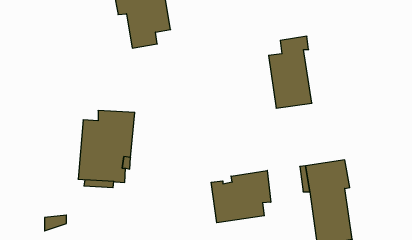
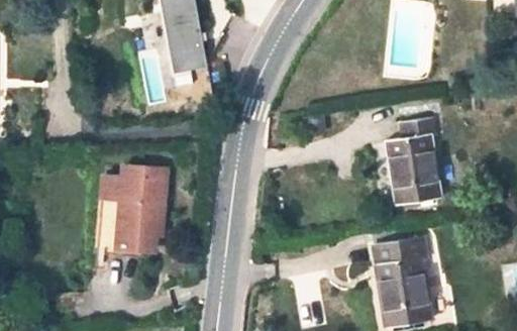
building: [269,36,312,108] -> [389,117,441,204]
building: [211,170,271,223] -> none

